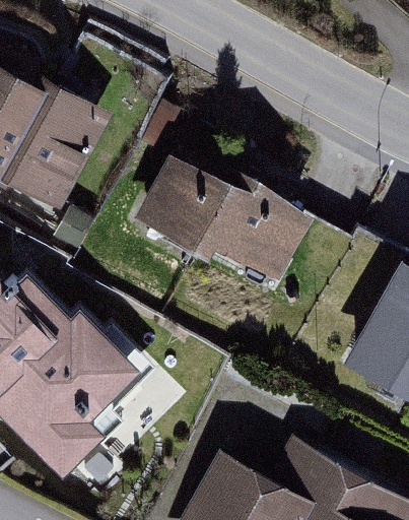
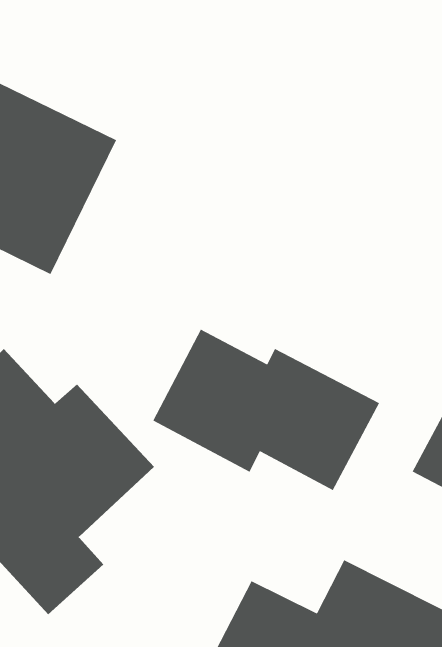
building: [131,152,309,279] -> [152,328,380,491]

